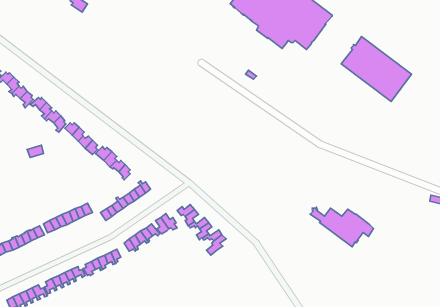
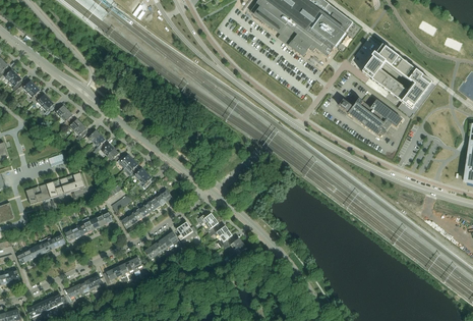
building: none -> [26,171,85,203]
building: [310,207,373,247] -> [339,97,402,137]

